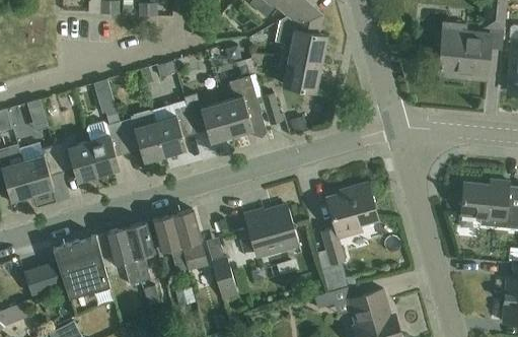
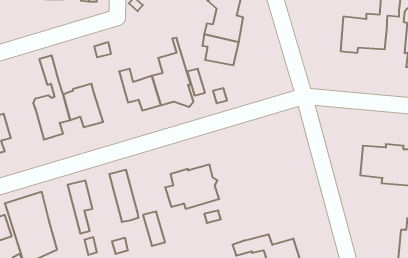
building: [155,97,194,155] -> none
building: [52,140,97,182] -> none
building: [316,184,376,291] -> none
building: [153,215,187,273] -> none
building: [95,227,139,286] -> none

